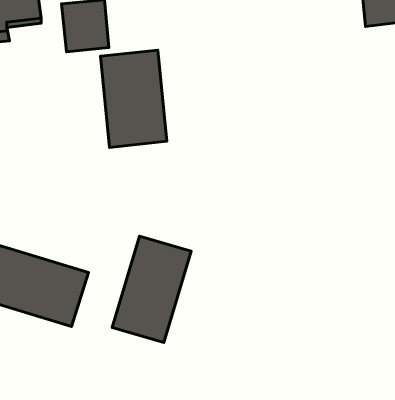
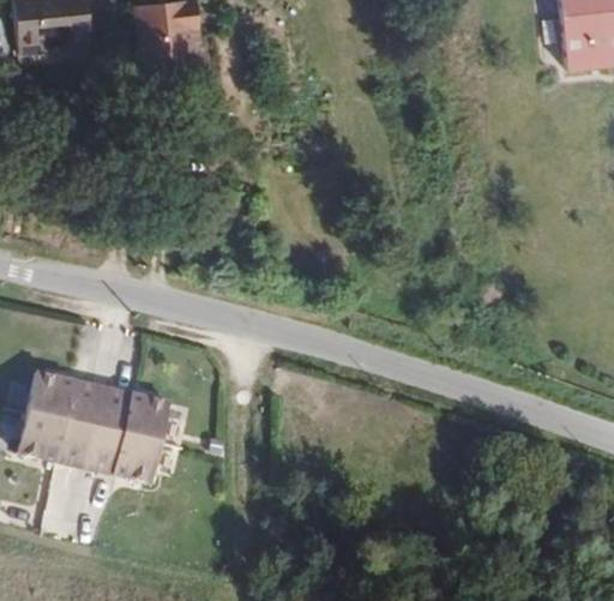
building: [101,50,167,147] -> none
building: [112,236,191,342] -> none

